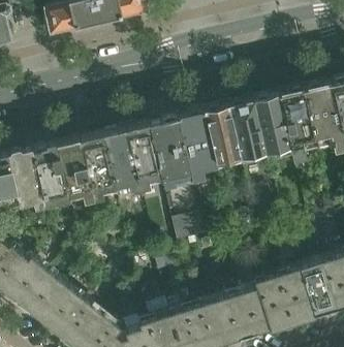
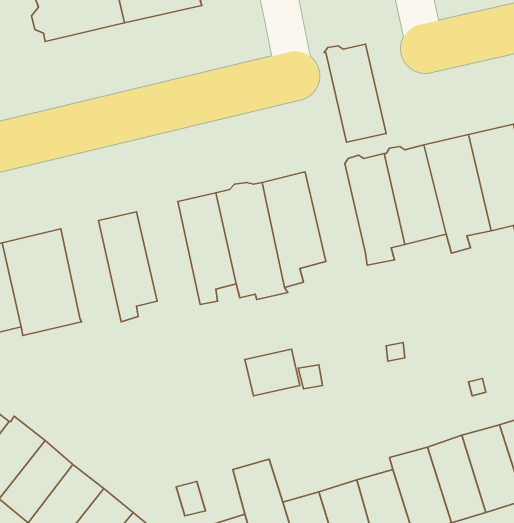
building: [207,105,244,164] -> [324,44,386,142]
building: [106,128,145,192] -> none
building: [61,139,97,202] -> none

